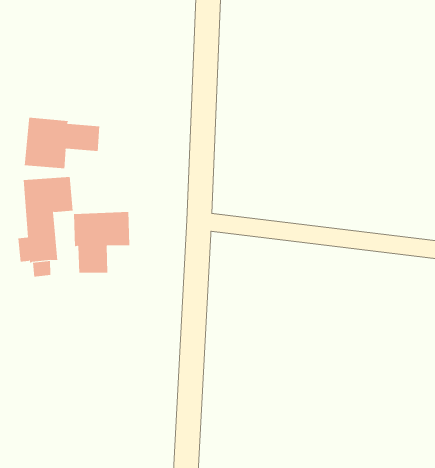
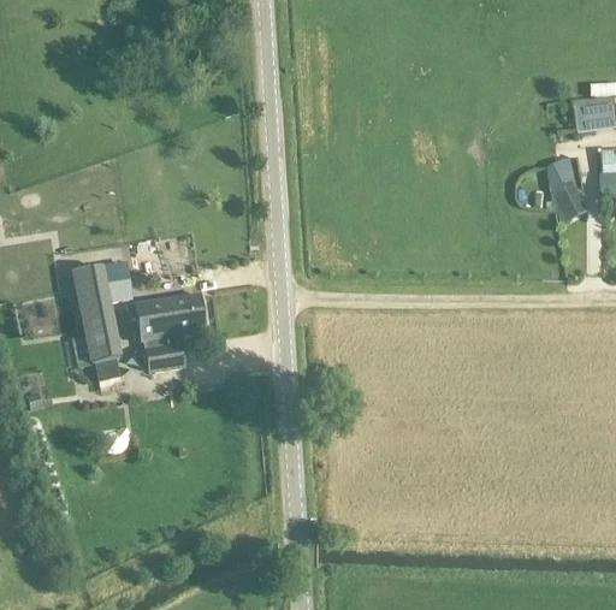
building: [24,117,100,169] -> none

